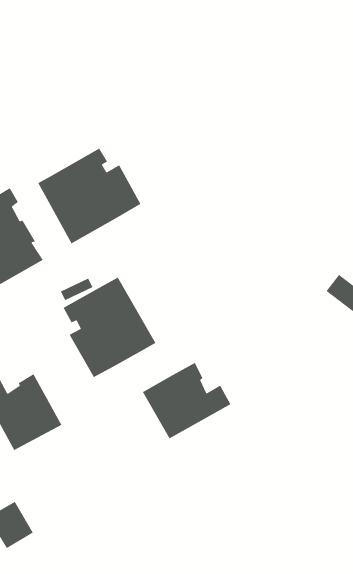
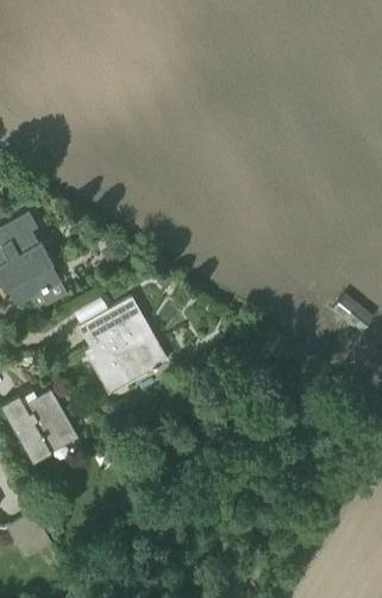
building: [37,147,141,245] -> none
building: [142,362,232,439] -> none

